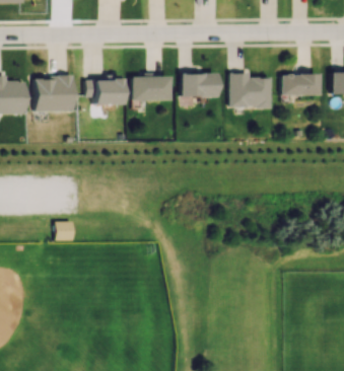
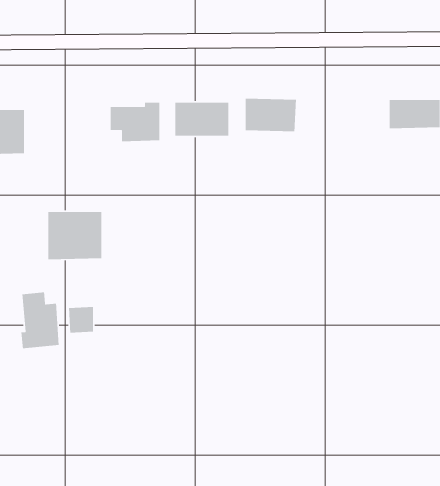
building: [230,73,271,107] -> none
building: [36,77,74,112] -> [48,211,102,260]
building: none -> [21,291,59,349]

